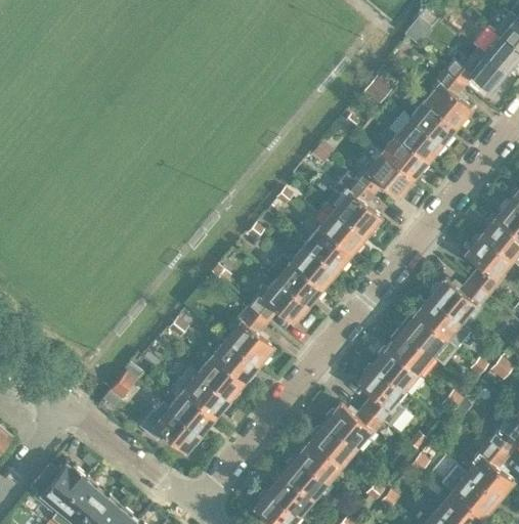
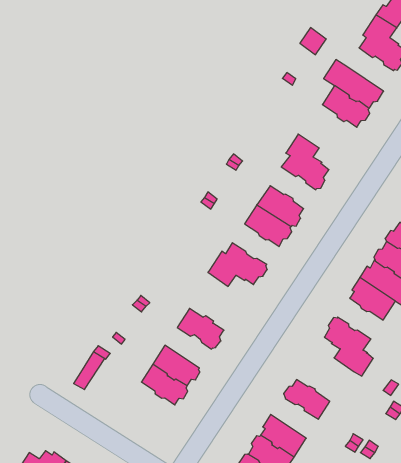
building: [409,100,456,146] -> none
building: [353,152,413,198] -> none
building: [319,210,364,254] -> none
building: [275,262,321,305] -> none
building: [225,306,272,365] -> none
building: [372,348,417,391] -> none
building: [197,357,243,400] -> none
building: [323,404,382,448] -> none
building: [149,407,200,453] -> none
building: [294,440,341,482] -> none

